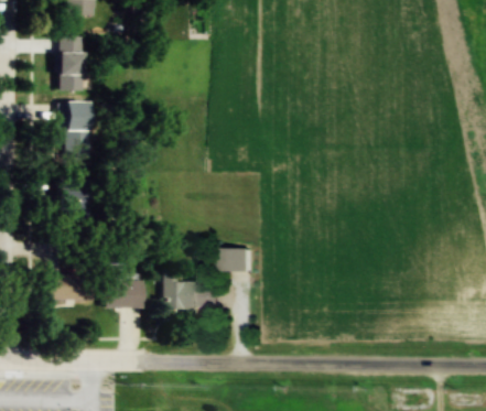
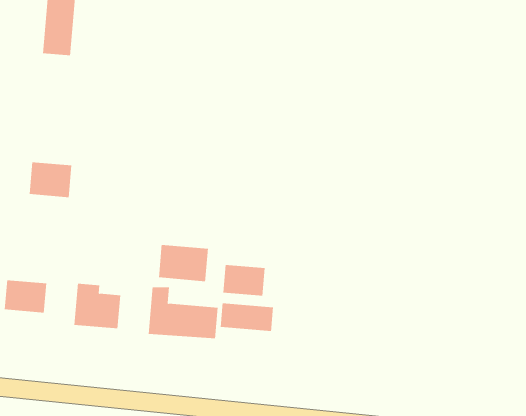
building: [66,102,90,161] -> none
building: none -> [158,244,208,282]
building: none -> [220,303,274,332]

